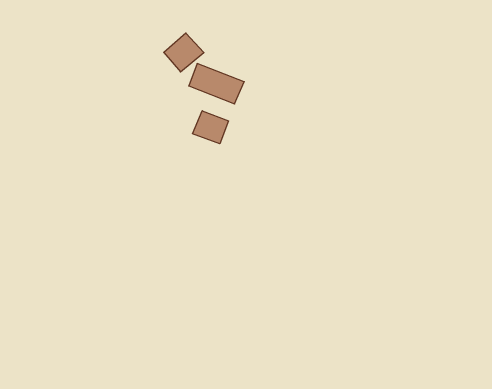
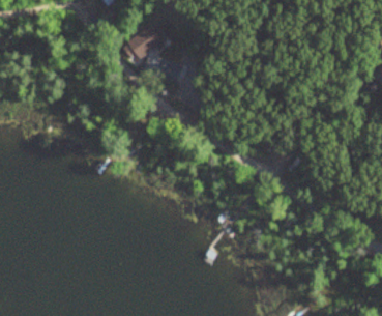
building: [192,111,228,144] -> none

